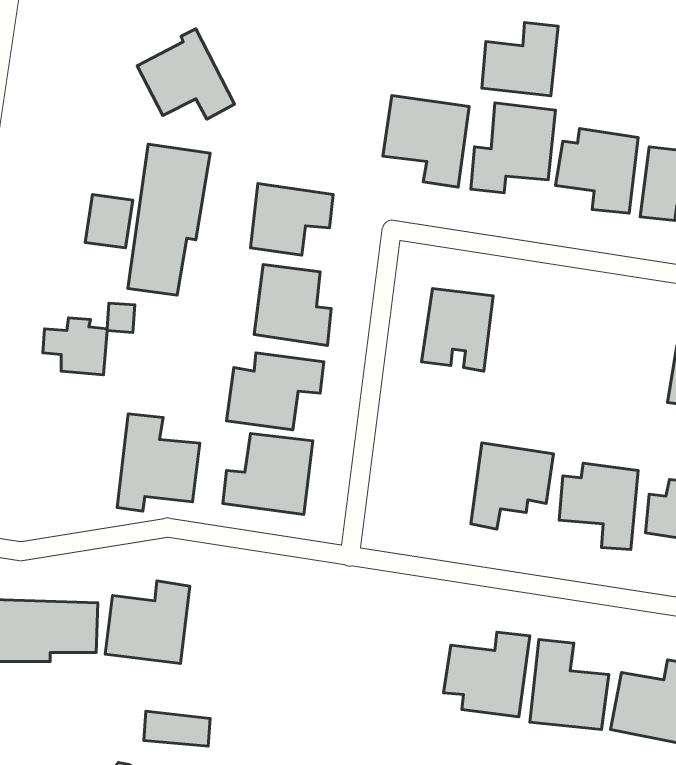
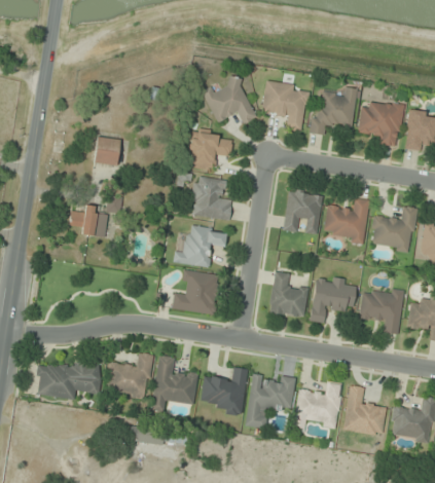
building: [482,22,558,96] -> none
building: [137,29,234,119] -> [203,75,257,125]
building: [128,144,210,295] -> none
building: none -> [323,198,369,245]
building: none -> [368,206,418,253]
building: [117,414,200,511] -> [151,356,197,410]
building: none -> [267,271,307,319]
building: none -> [201,367,247,416]
building: none -> [245,373,294,430]

